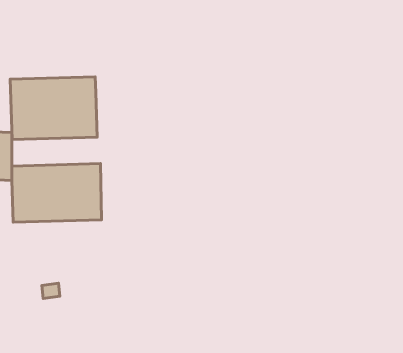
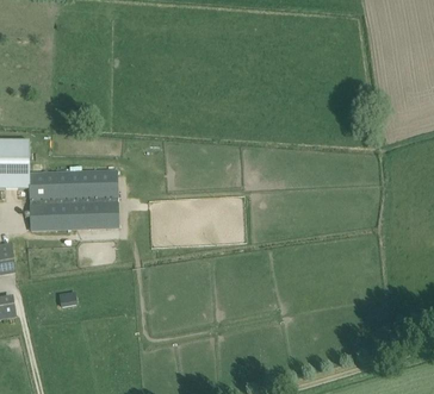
building: [10,77,97,140] -> none

